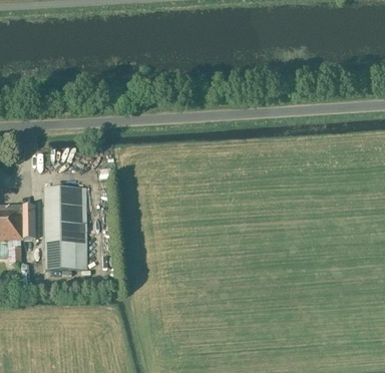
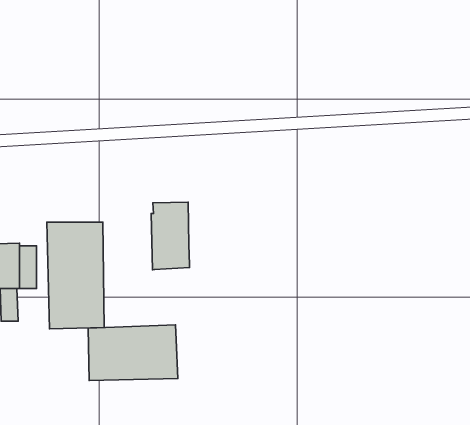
building: none -> [151,202,190,270]
building: none -> [88,325,178,381]

